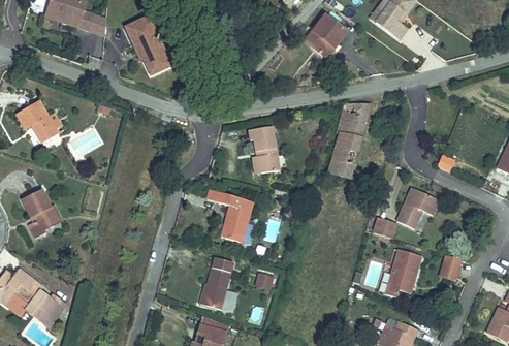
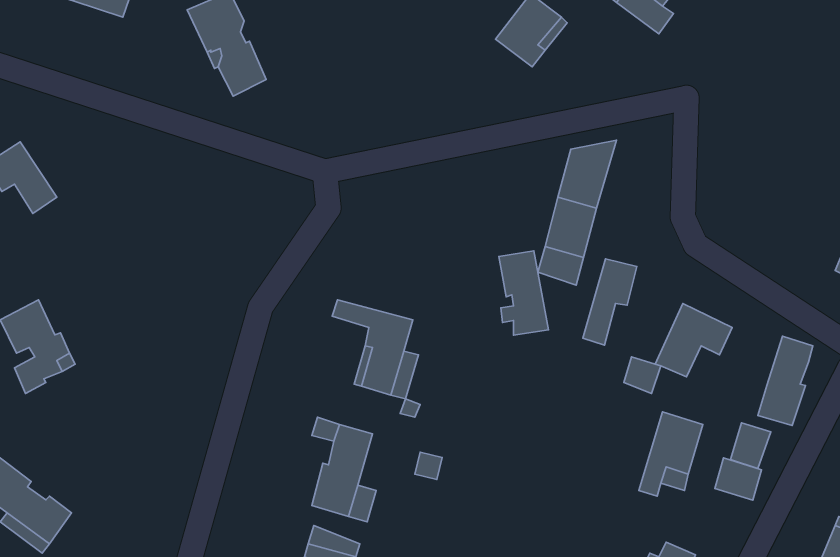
building: [253,126,281,174] -> [499,251,548,335]
building: none -> [583,259,637,345]
building: none -> [758,336,813,426]
building: none -> [715,458,762,500]

